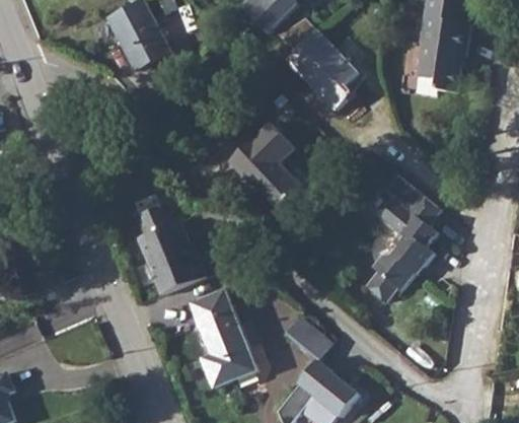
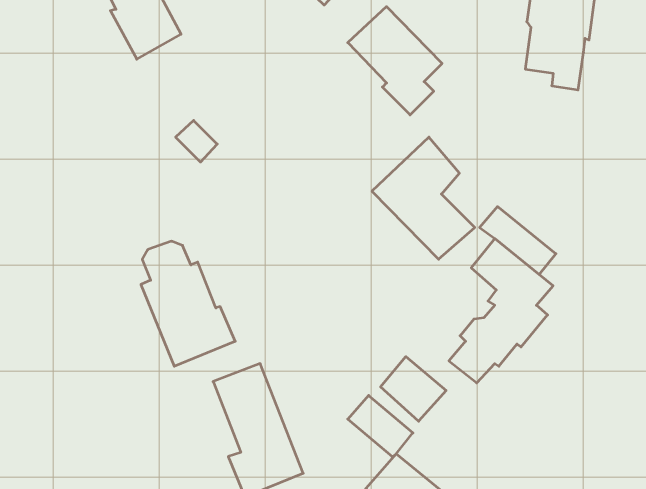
building: [227,117,302,206] -> [372,137,475,259]
building: none -> [381,357,446,421]

